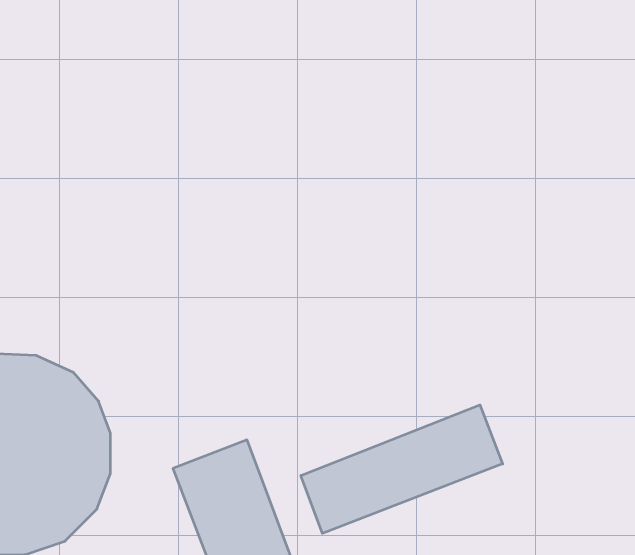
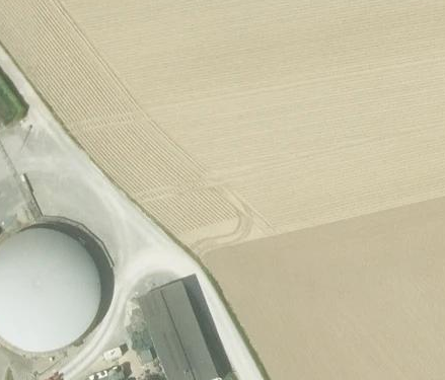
building: [301,405,503,533] -> none

